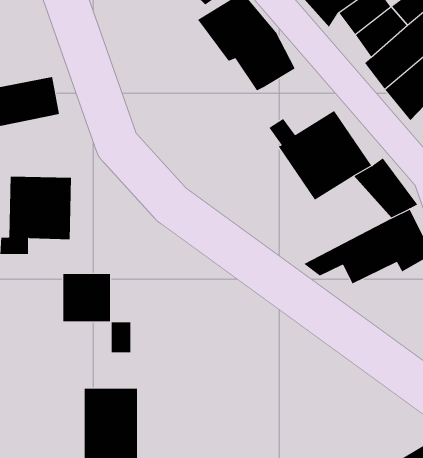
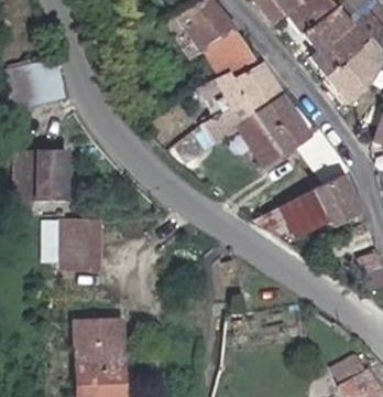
building: none -> [195,62,283,115]

